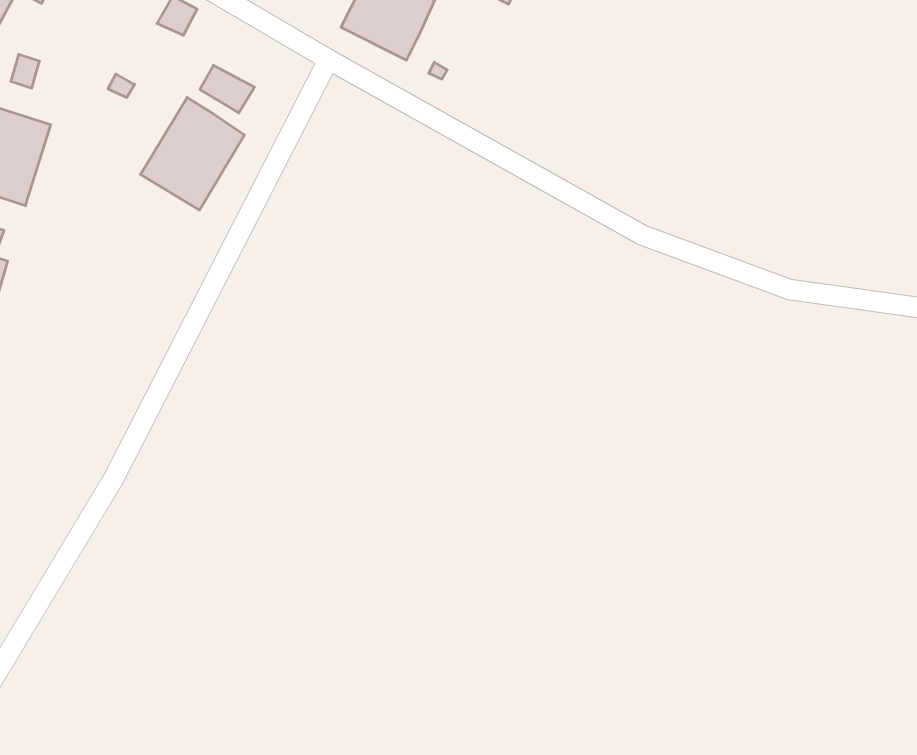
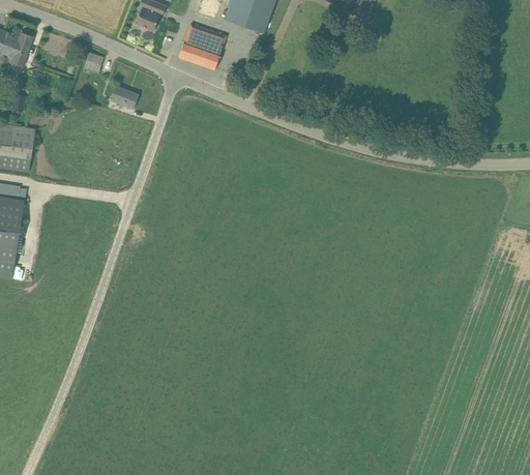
building: [140,97,244,210] -> none

